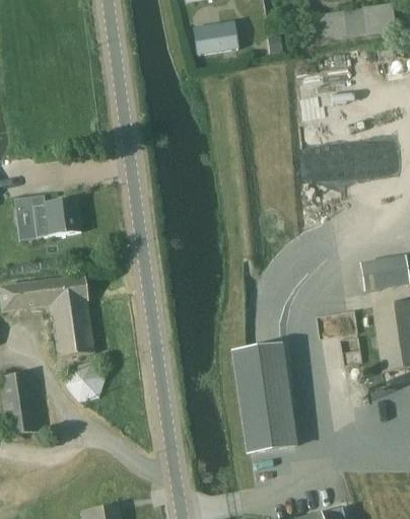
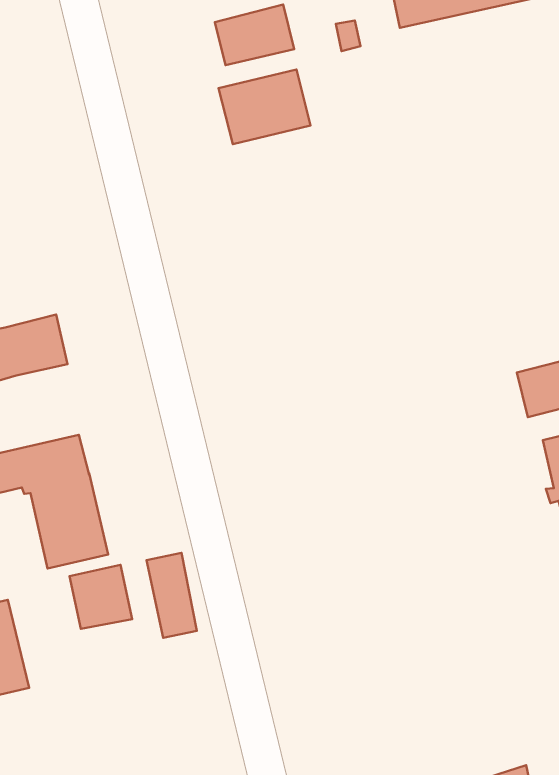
building: none -> [219,70,311,144]
building: [230,343,296,453] -> none
building: none -> [146,553,197,638]

